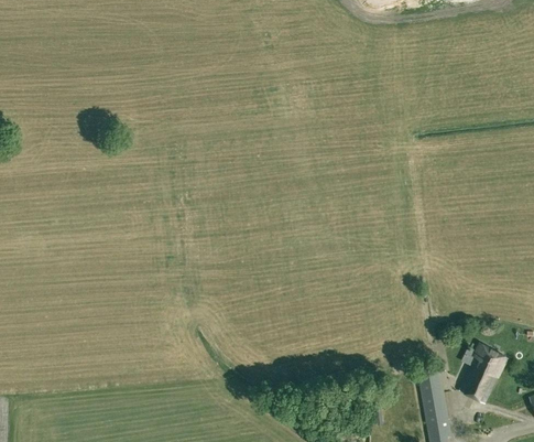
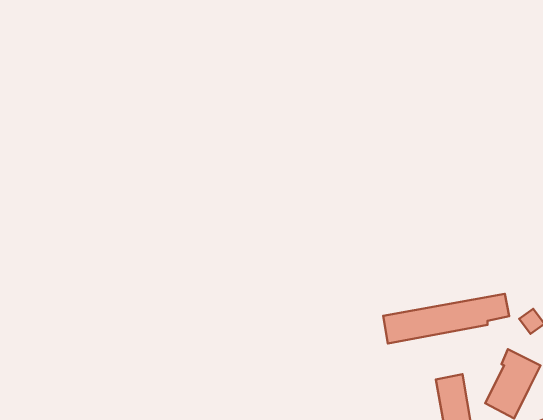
building: none -> [383,294,509,343]

